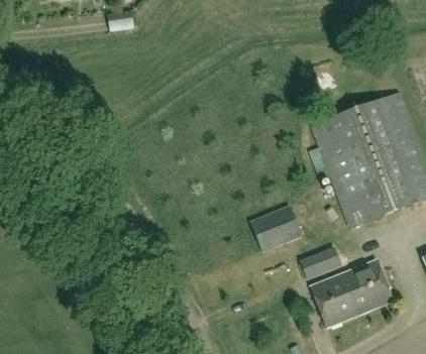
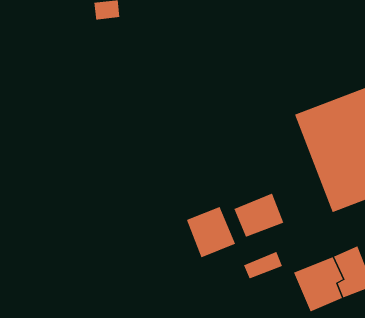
building: none -> [186,206,236,258]
building: [301,248,341,276] -> [243,251,283,279]

